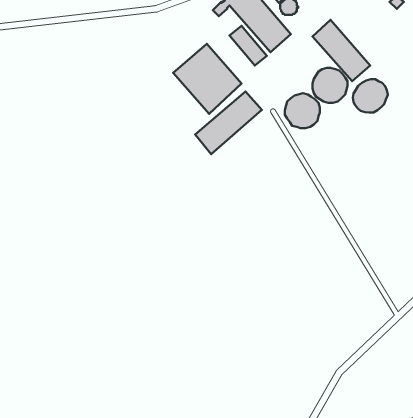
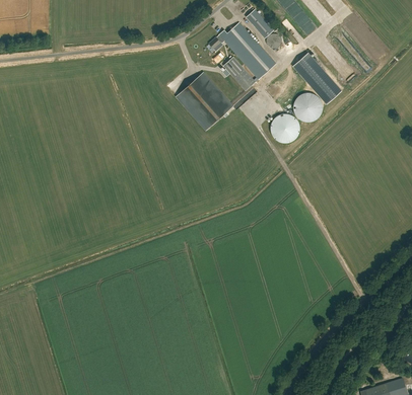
building: [353,79,388,113] -> none
building: [195,91,262,154] -> none

